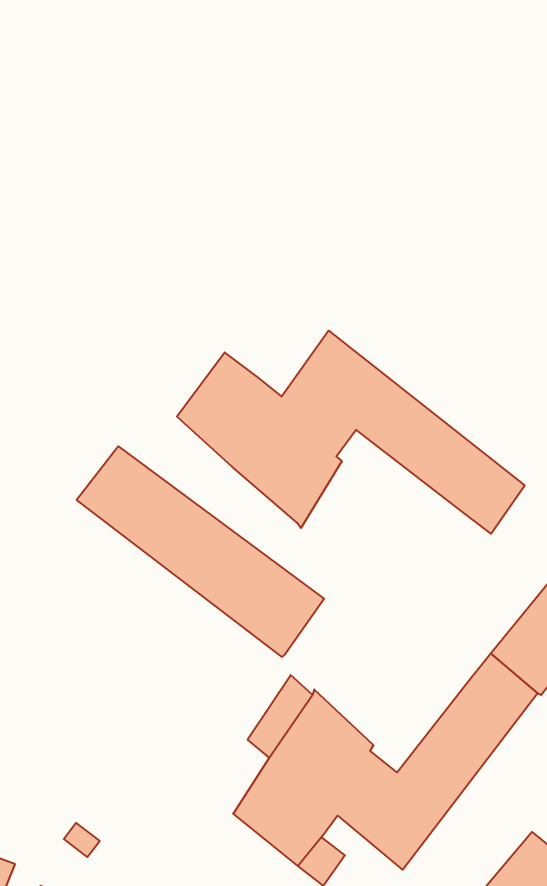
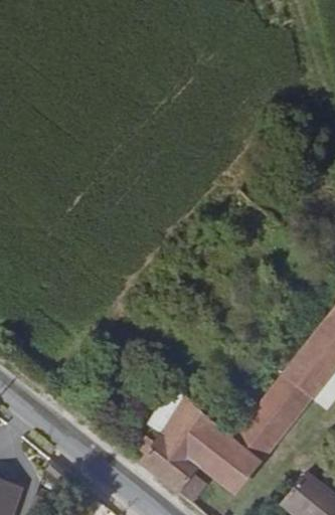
building: [177,331,525,534] -> none
building: [77,446,324,657] -> none

